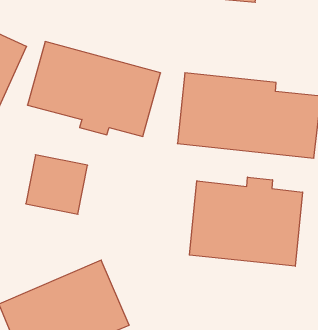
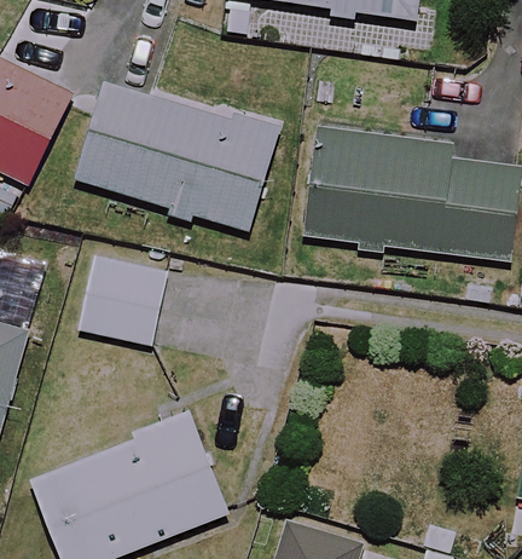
building: [189,177,303,266] -> none

